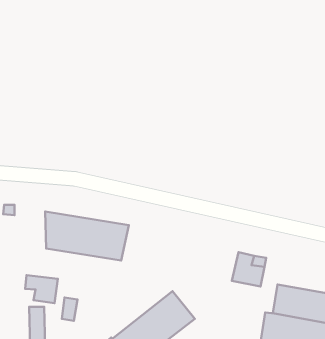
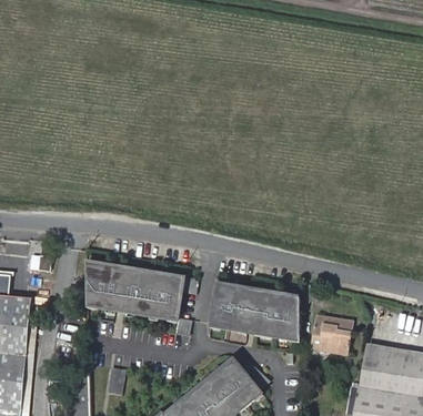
building: none -> [210,284,301,342]
building: [25,275,58,303] -> none

